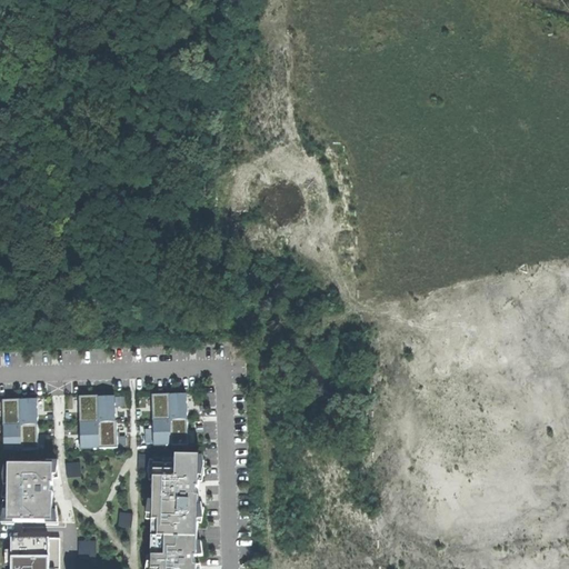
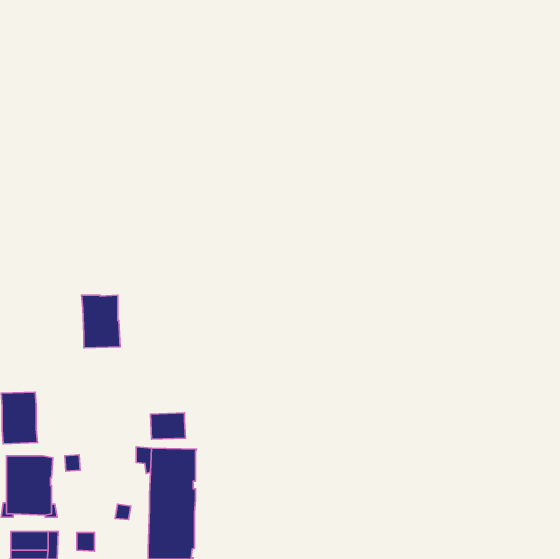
building: [151,392,187,419] -> none
building: [78,395,117,448] -> [82,295,120,348]

